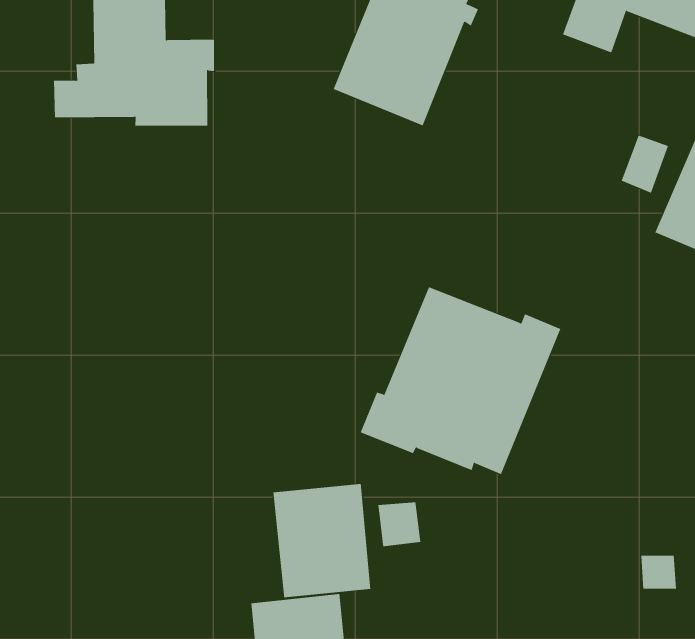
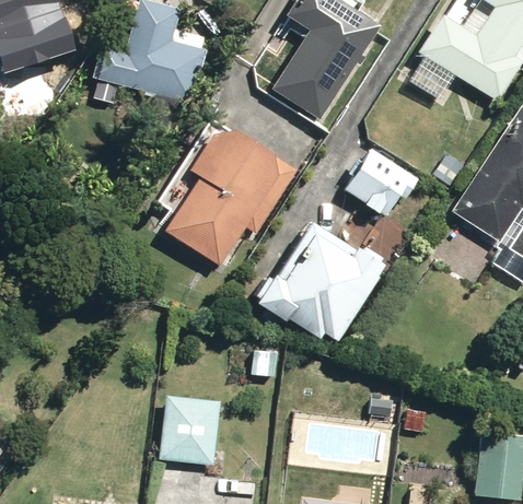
building: none -> [163,118,299,263]
building: none -> [345,148,420,219]
building: [273,483,371,598] -> none

